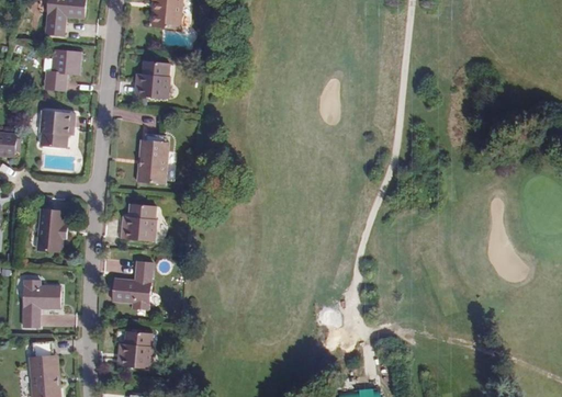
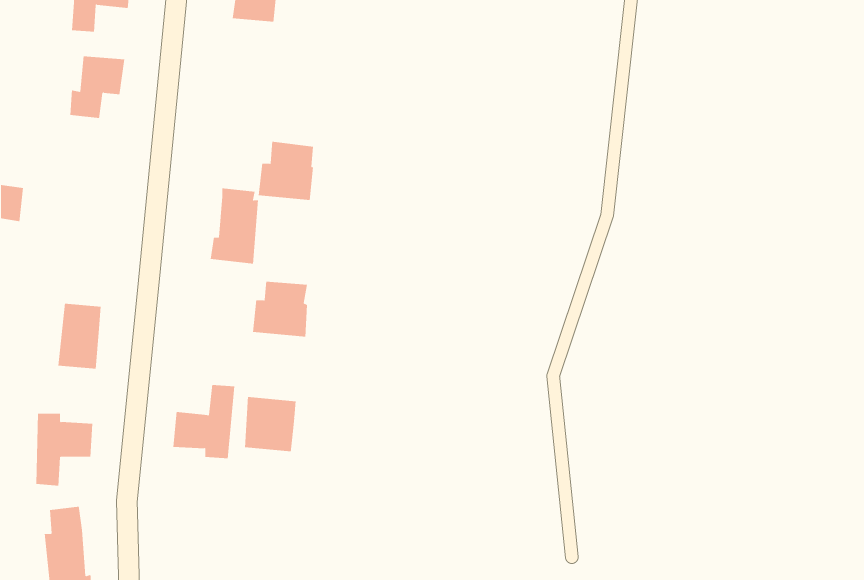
building: [135,59,171,98] -> [258,141,314,201]
building: [40,110,75,147] -> none
building: [121,204,157,240] -> [252,281,308,337]
building: none -> [244,396,296,452]
building: [117,329,154,366] -> none

